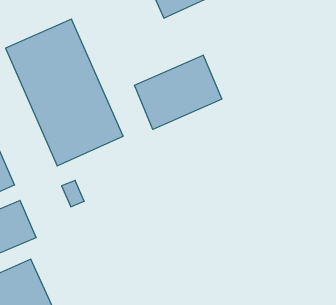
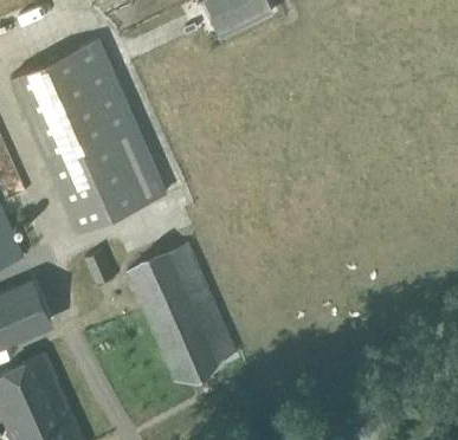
building: [134,55,222,129] -> none
building: none -> [129,247,237,382]

